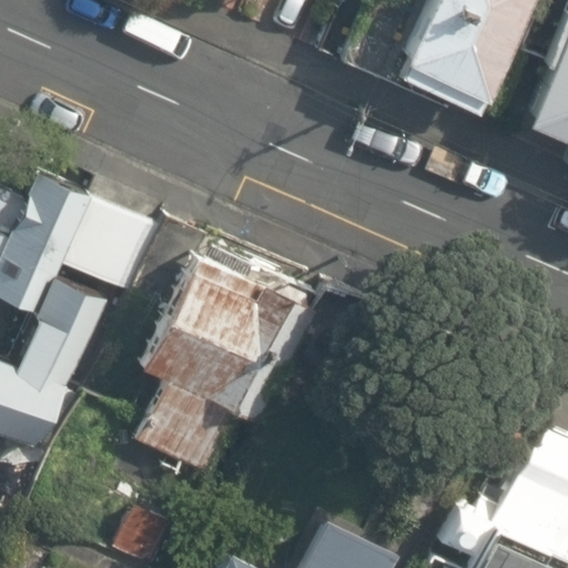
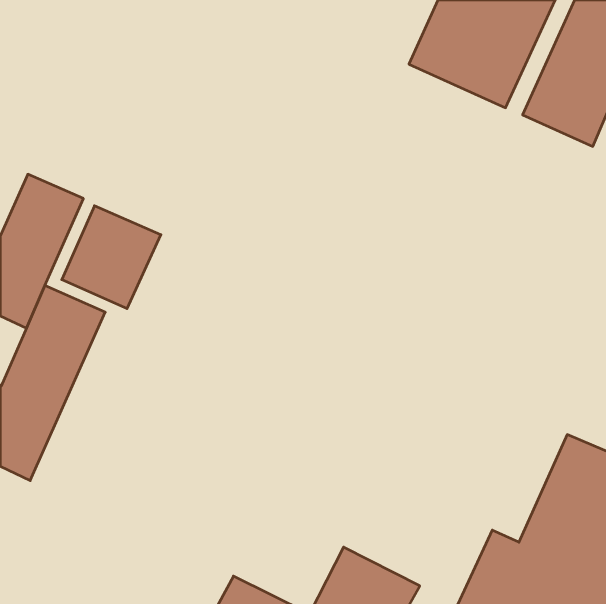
building: [132,245,315,480] -> none

